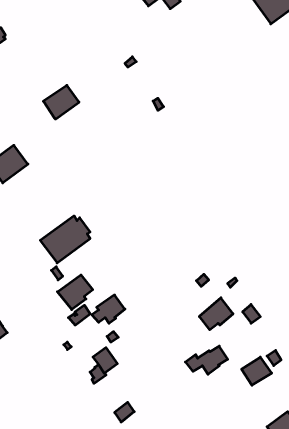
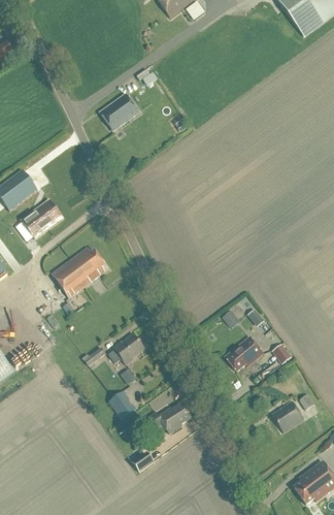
building: [43,85,79,119] -> [99,92,138,129]
building: none -> [21,198,63,238]
building: [57,275,93,310] -> none
building: [185,346,228,374] -> [144,403,191,433]

